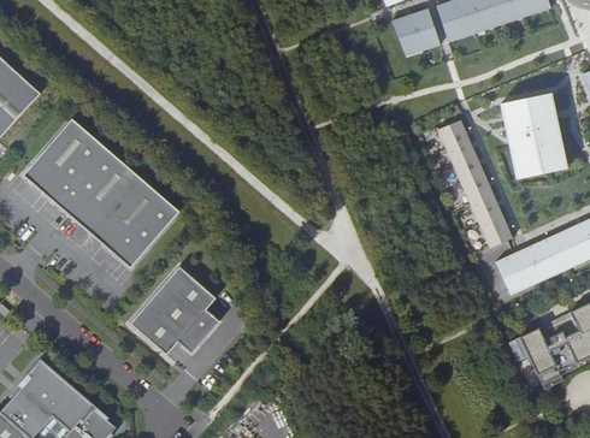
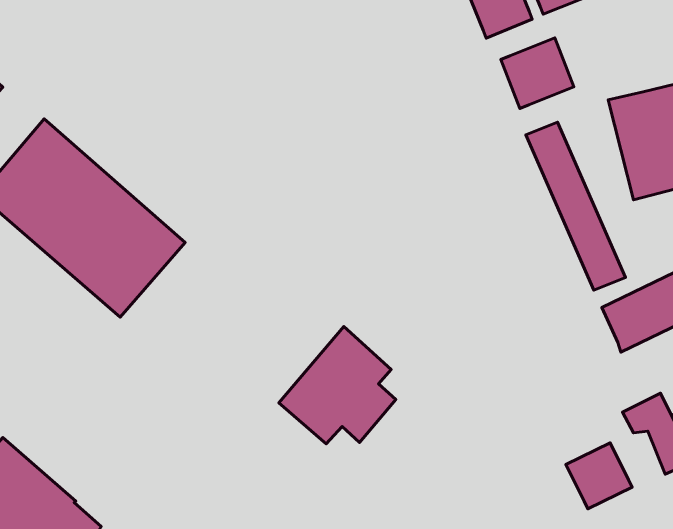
building: none -> [501,38,574,108]
building: [130,267,219,356] -> [279,327,396,444]
building: none -> [566,443,632,509]

